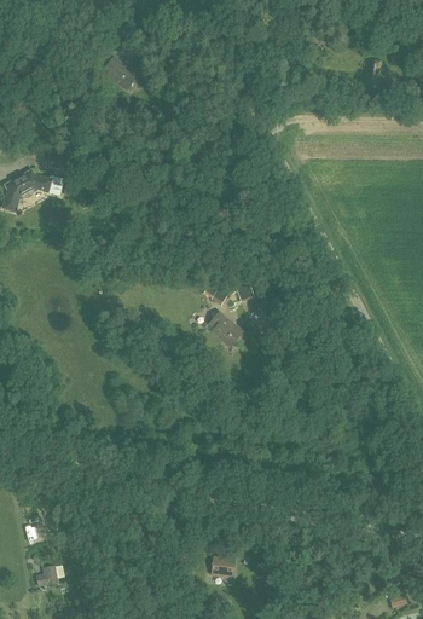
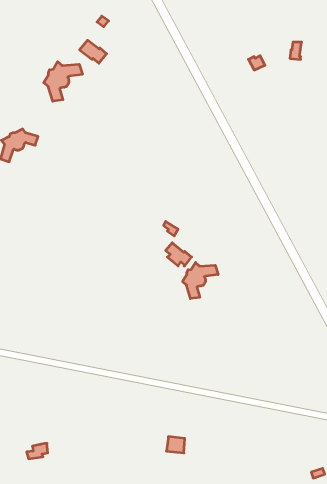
building: none -> [44,62,82,101]
building: none -> [183,262,218,299]

